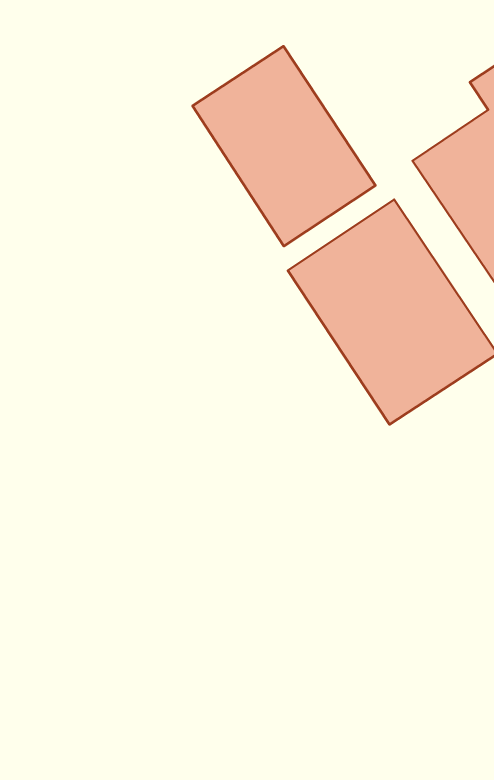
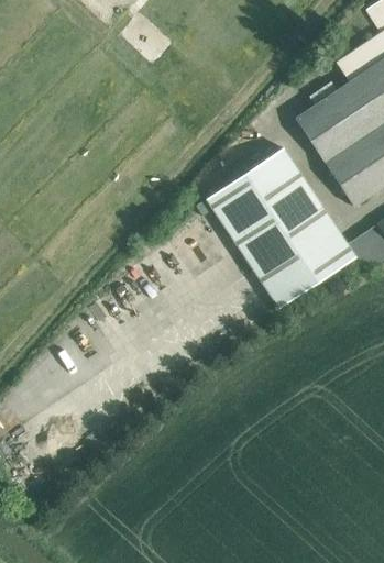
building: [192,46,375,246] -> none

